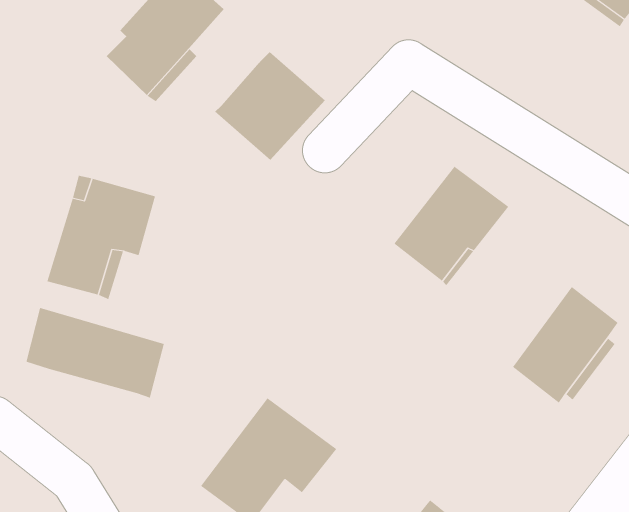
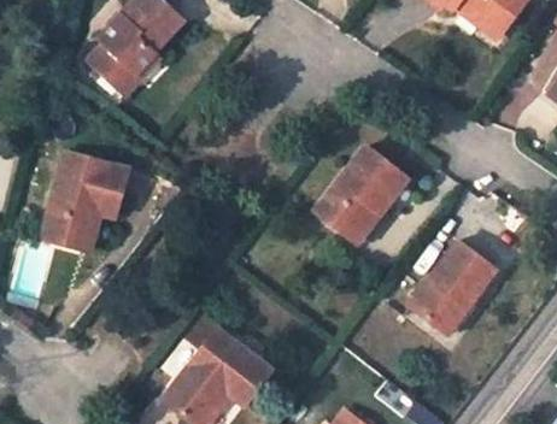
building: [214,51,326,161] -> none
building: [26,307,164,398] -> none

